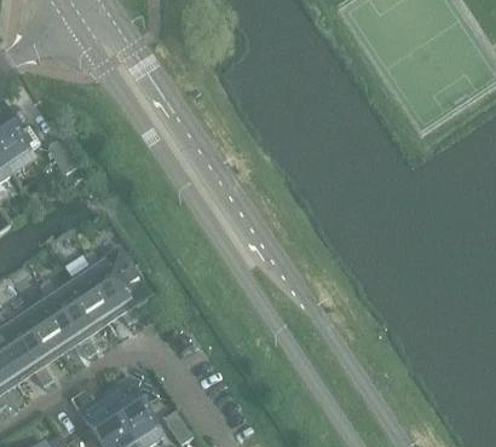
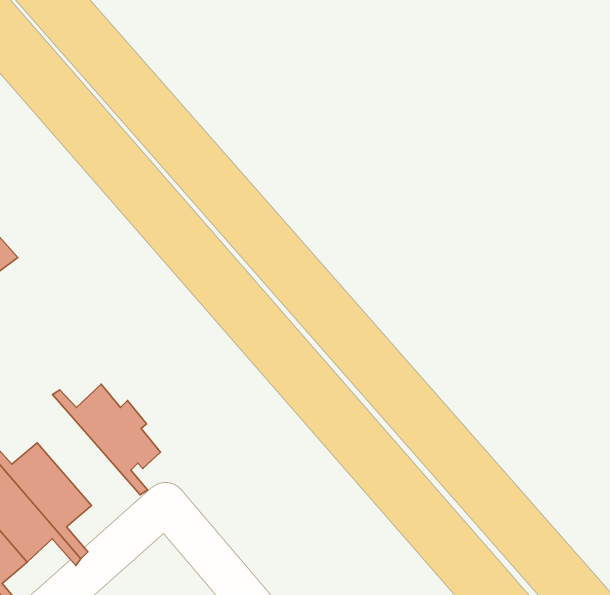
building: [73,252,131,324] -> none

